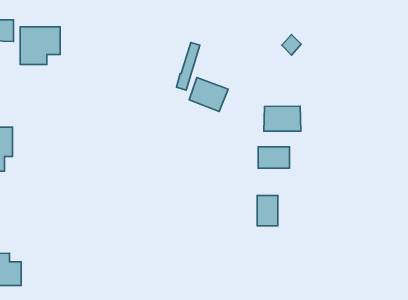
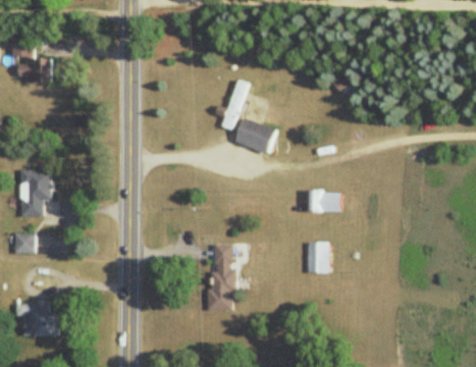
building: [20,27,60,64] -> none
building: [264,106,301,131] -> none
building: none -> [209,245,234,311]

